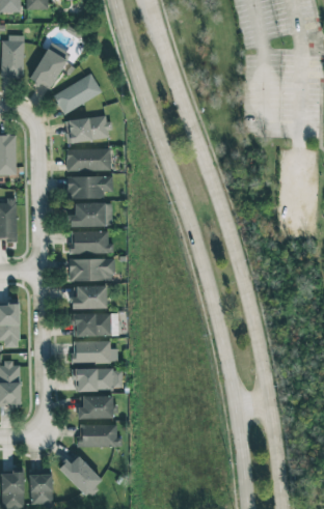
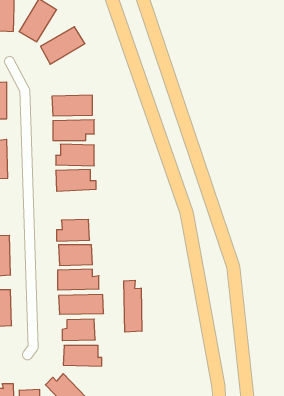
building: [64,115,110,143] -> none
building: [69,258,114,281] -> none
building: none -> [124,280,142,332]

